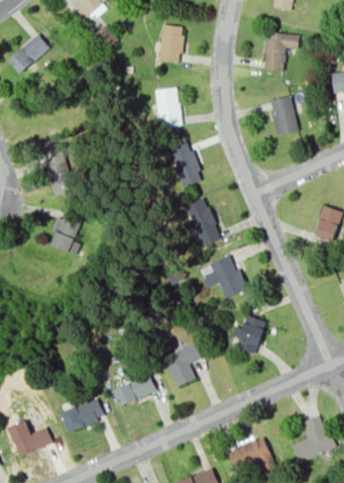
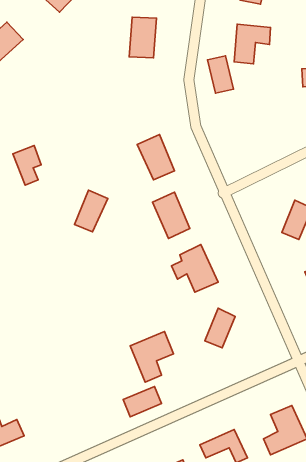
building: [154,87,186,130] -> none
building: [269,99,296,136] -> [207,56,234,93]
building: [49,210,83,252] -> [74,190,108,232]
building: [116,378,154,408] -> [123,386,162,417]
building: [65,401,104,431] -> none

